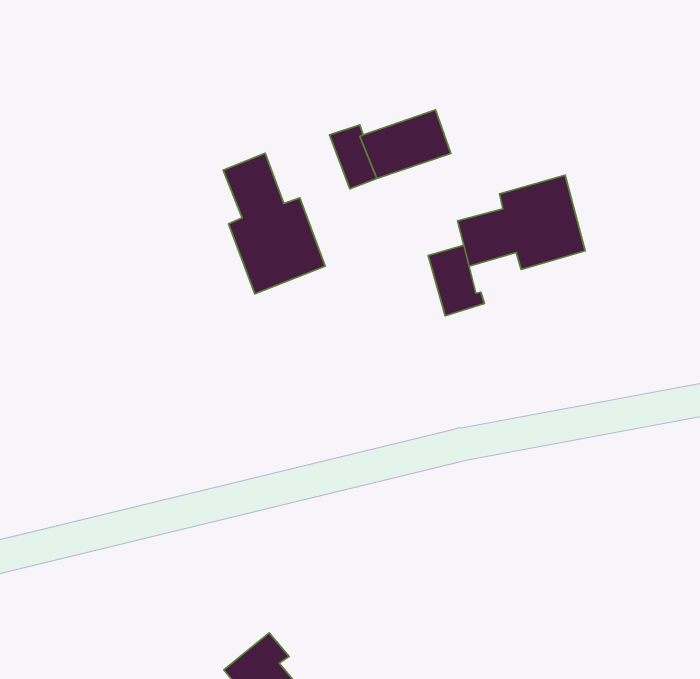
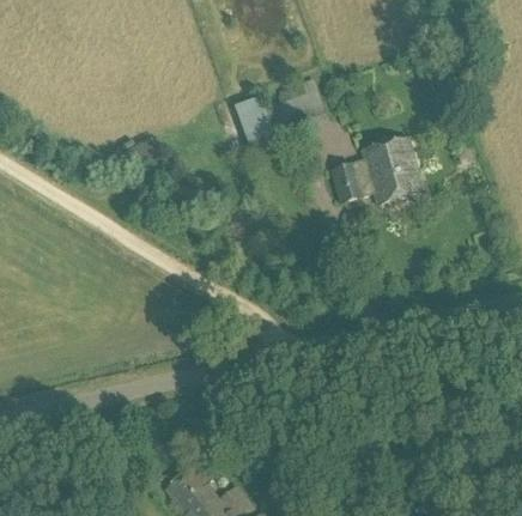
building: [223,153,325,294] -> none
building: [428,245,484,316] -> none

